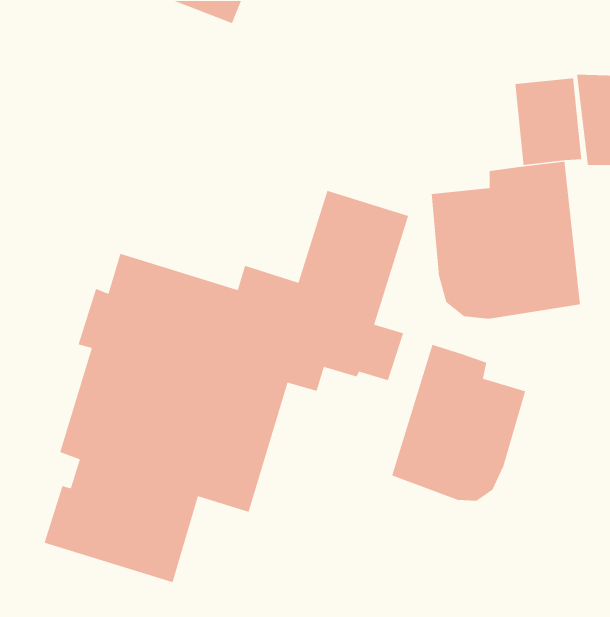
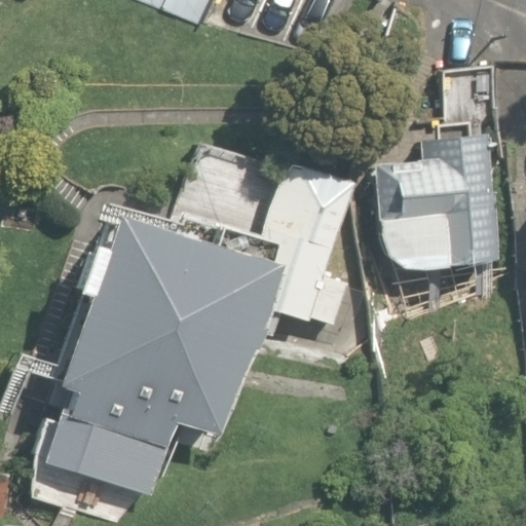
building: [391,344,526,502] -> none

